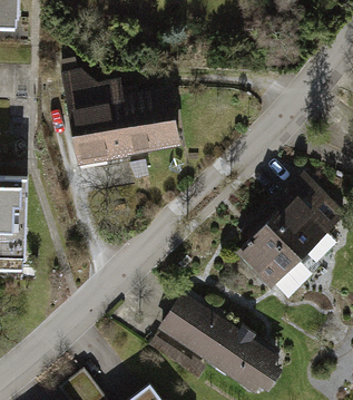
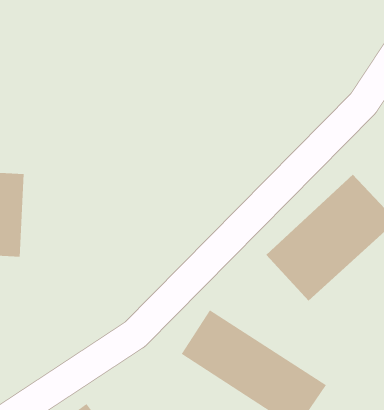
building: [61,67,178,165] -> none

